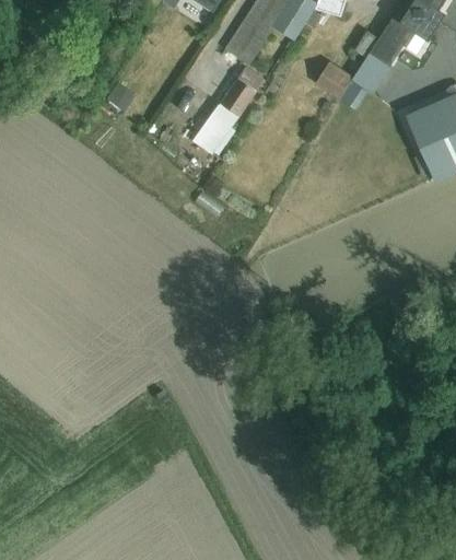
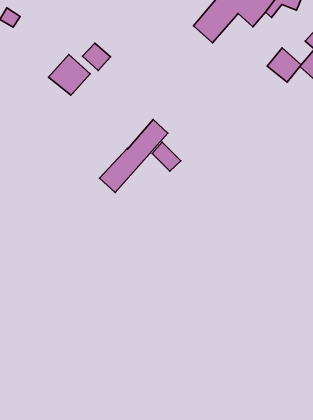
building: [192,66,264,154] -> [100,120,168,193]
building: none -> [49,55,90,95]

